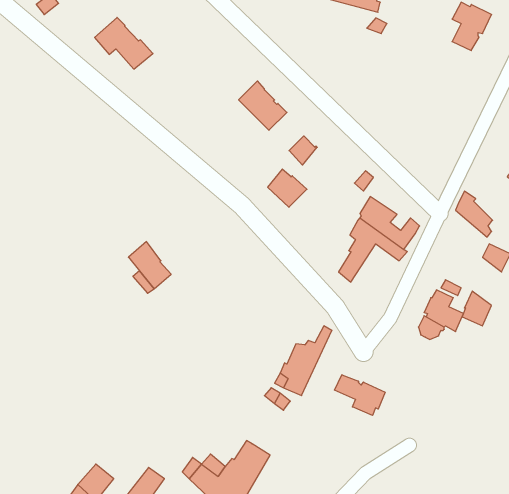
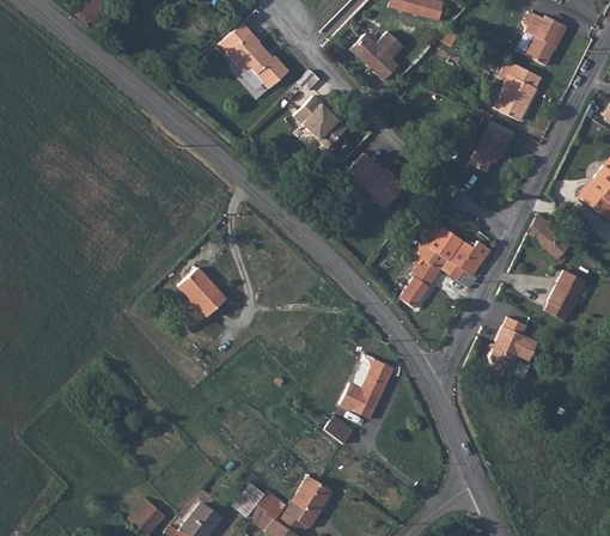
building: [95,17,153,69] -> [230,31,292,86]
building: none -> [349,30,401,79]
building: none -> [492,60,538,118]
building: none -> [469,117,513,170]
building: [268,169,307,207] -> [364,165,405,206]
building: [462,291,491,326] -> [544,282,575,319]
building: [335,375,385,415] -> none

